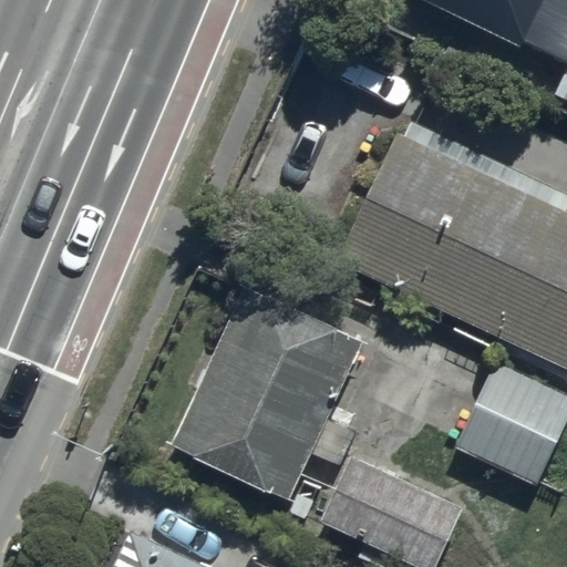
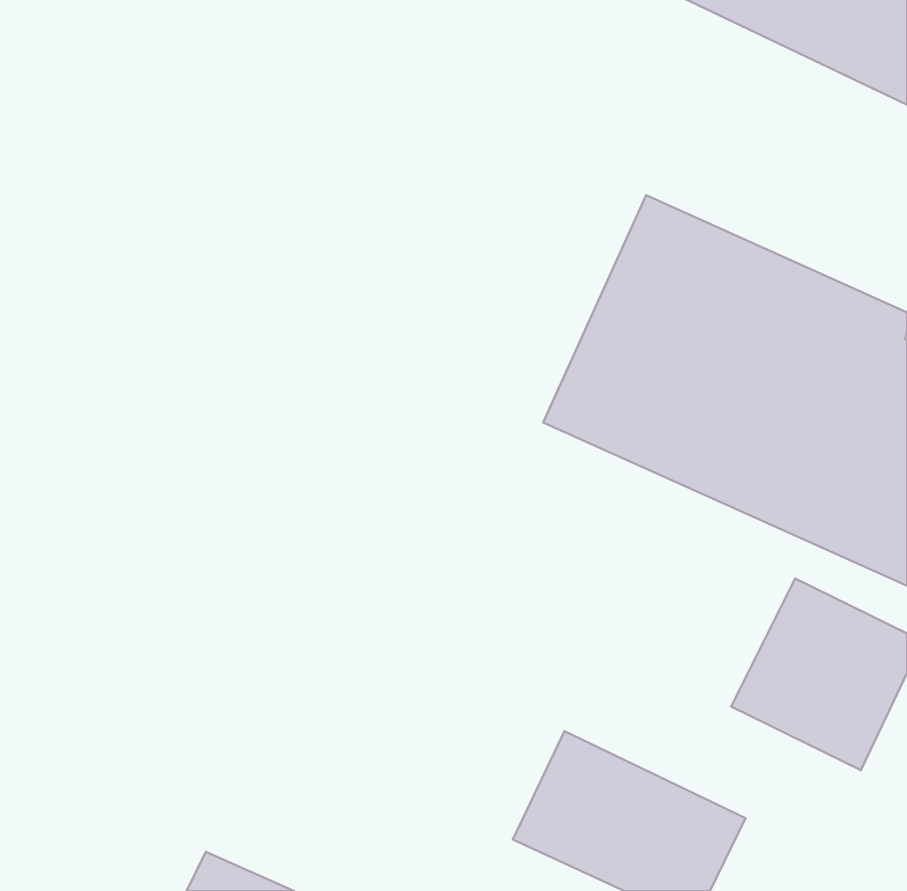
building: [169,288,365,513] -> none

